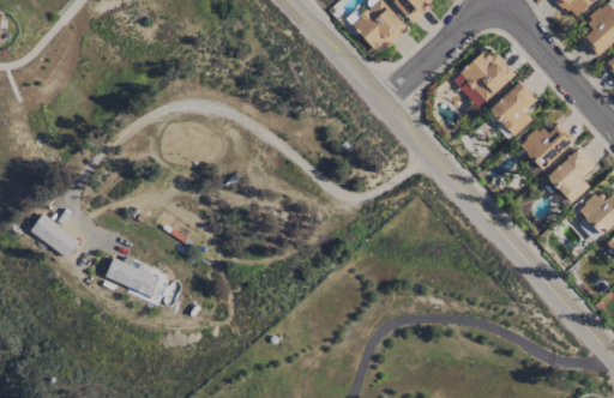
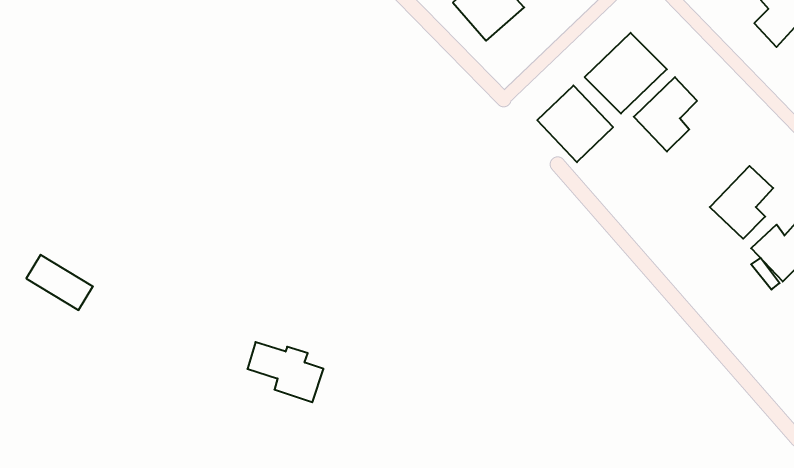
building: none -> [537,85,613,162]
building: [519,122,574,169] -> none
building: [106,257,163,302] -> [247,342,324,402]

